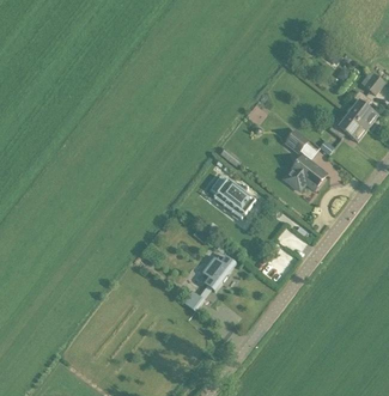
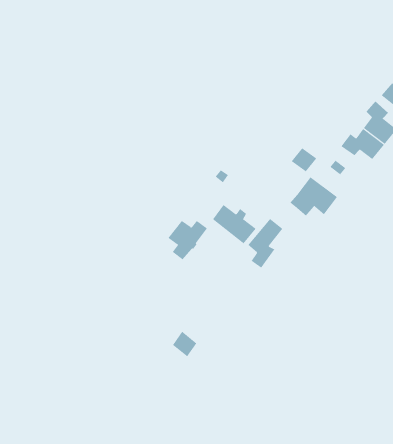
building: none -> [248,218,283,268]
building: [200,255,235,290] -> [168,220,208,260]

